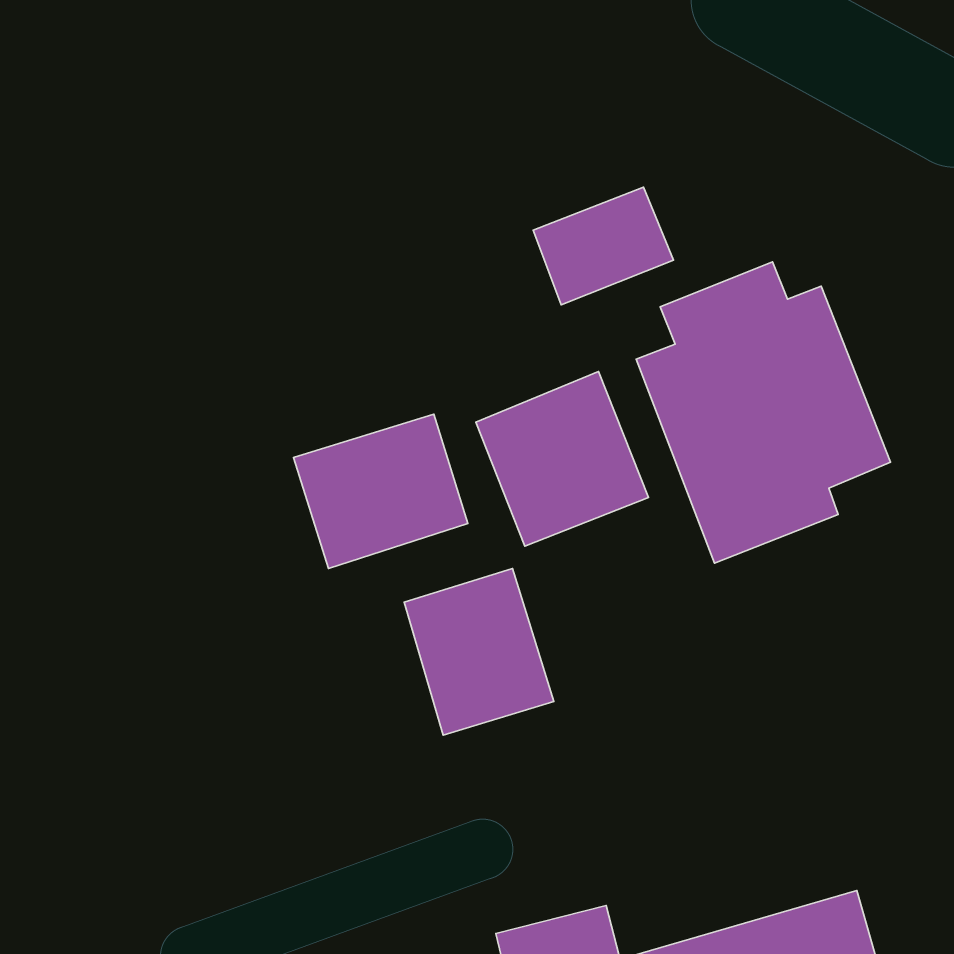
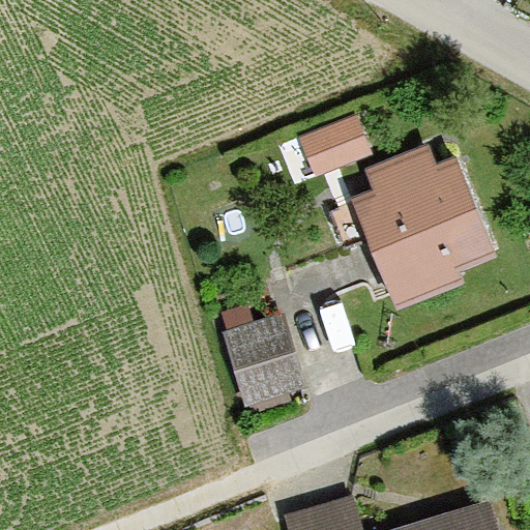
building: [476,372,649,546] -> none
building: [294,414,468,568] -> none

